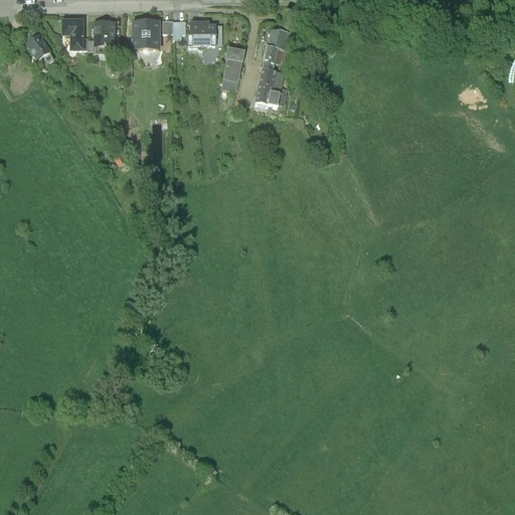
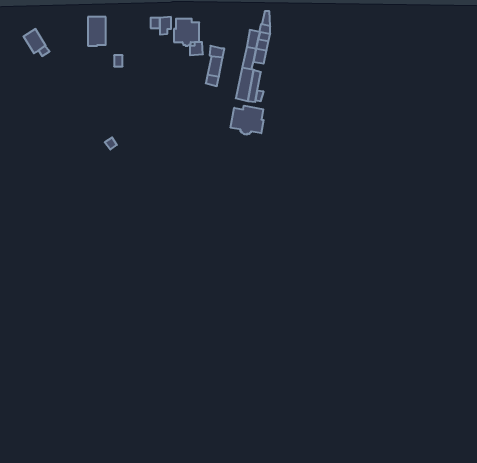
building: [63,18,82,46] -> none
building: [133,18,159,46] -> none
building: none -> [231,106,264,135]

